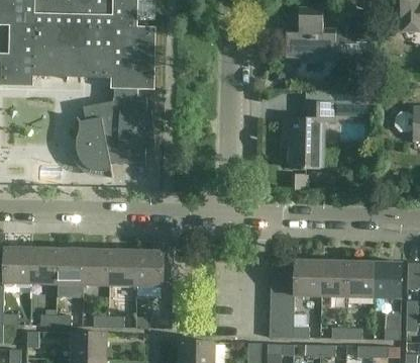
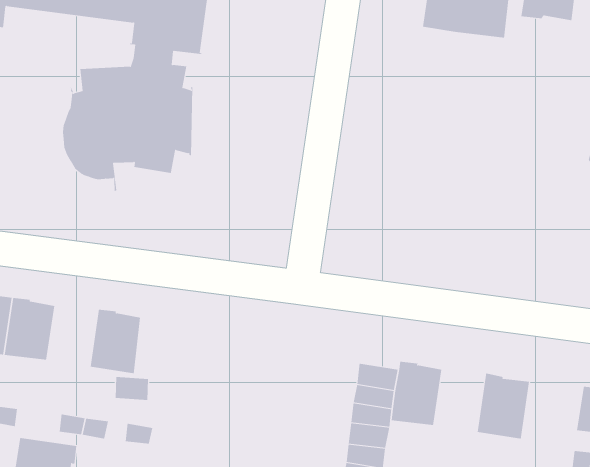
building: [284,90,370,170] -> none
building: [83,250,110,285] -> none
building: [136,251,164,286] -> none
building: [320,261,347,297] -> none
building: [374,262,401,298] -> none

